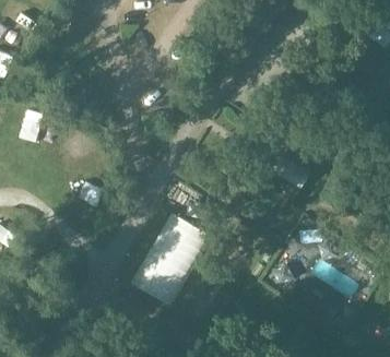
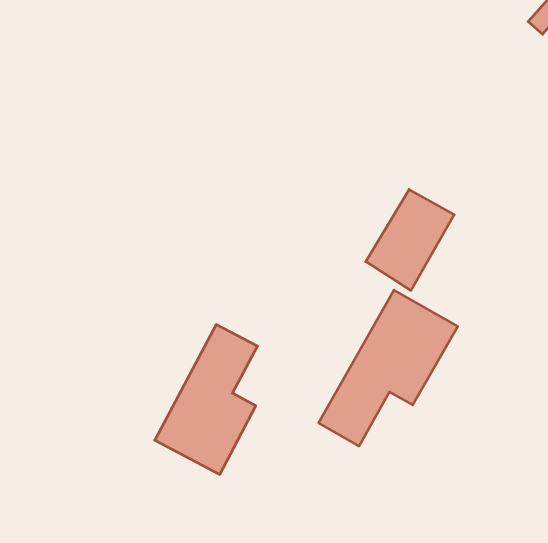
building: none -> [319,290,458,446]

